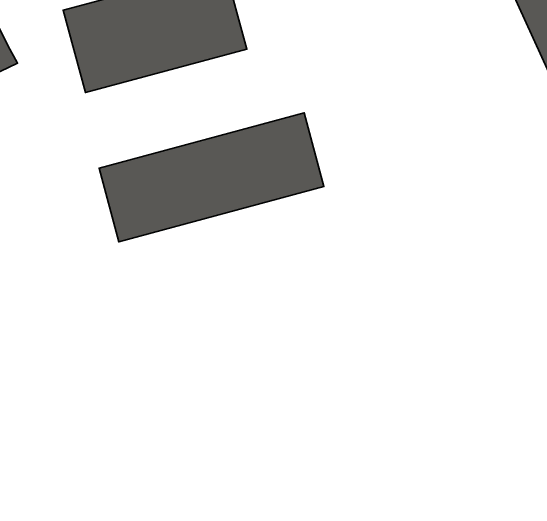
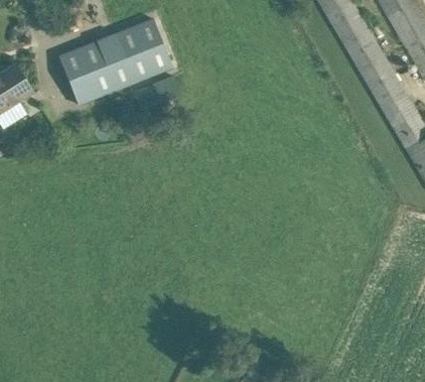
building: [99,113,324,242] -> none

